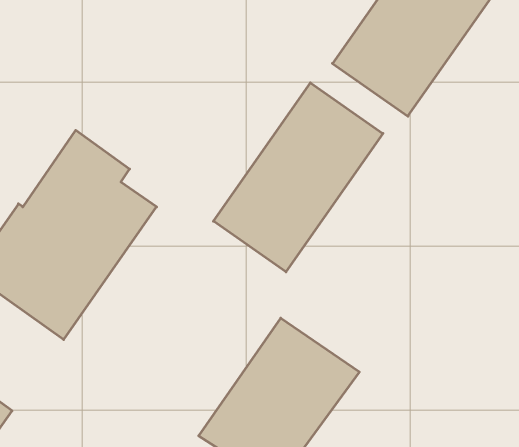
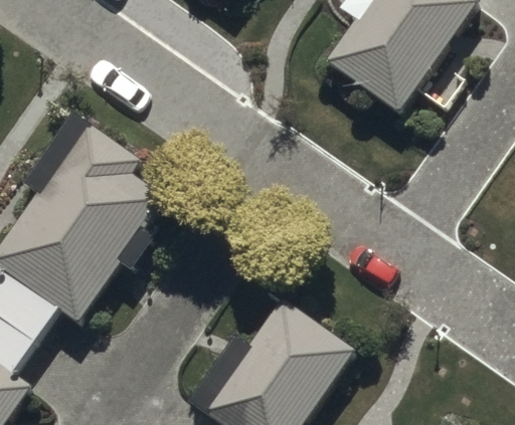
building: [213,83,383,272] -> none

